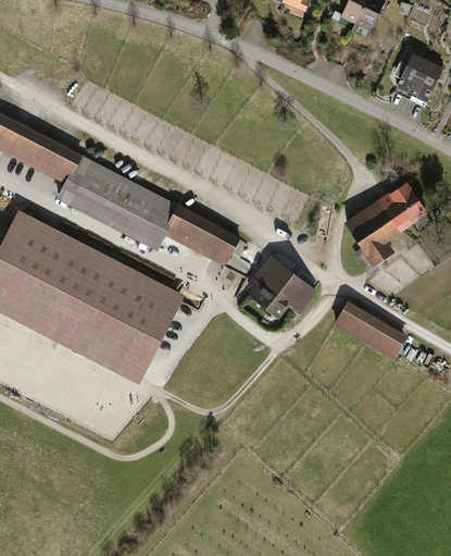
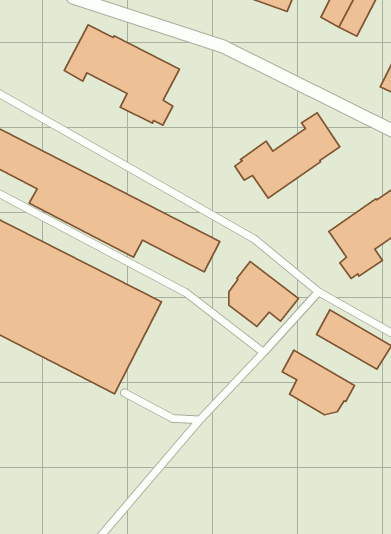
building: none -> [64,25,179,125]
building: none -> [235,113,340,198]
building: none -> [282,350,355,415]

